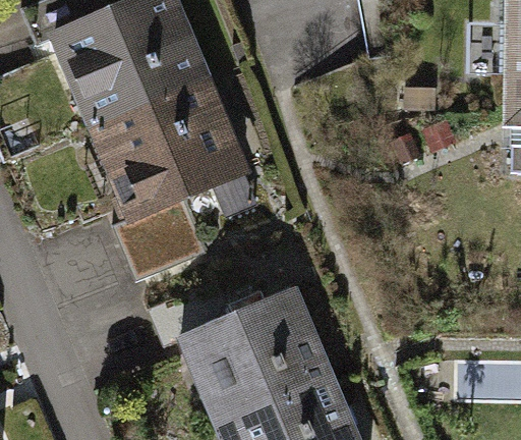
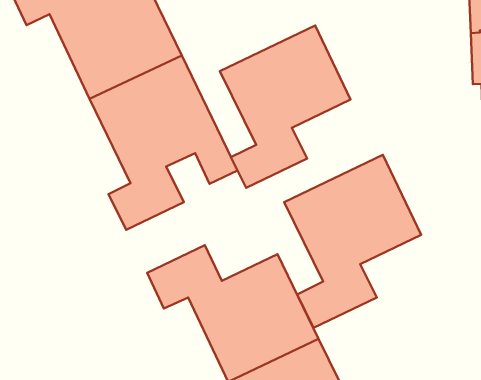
building: none -> [220,25,351,188]
building: none -> [284,155,421,328]

